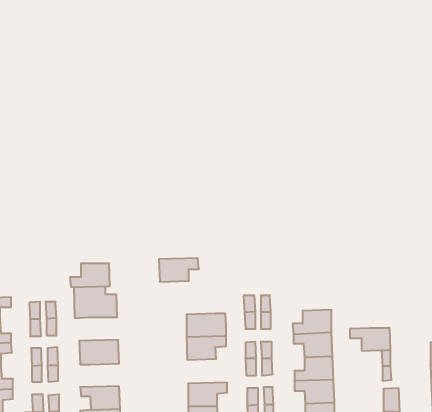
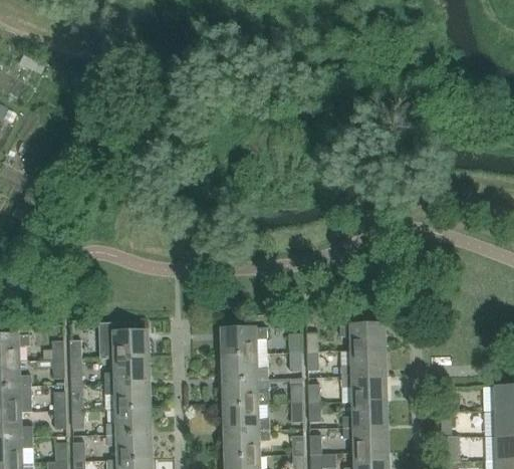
building: [159,258,199,282] -> [224,327,268,354]
building: [70,263,110,287] -> [105,357,150,383]
building: [350,328,391,351] -> [340,324,386,349]
building: none -> [226,403,270,430]
building: none -> [107,408,151,434]

